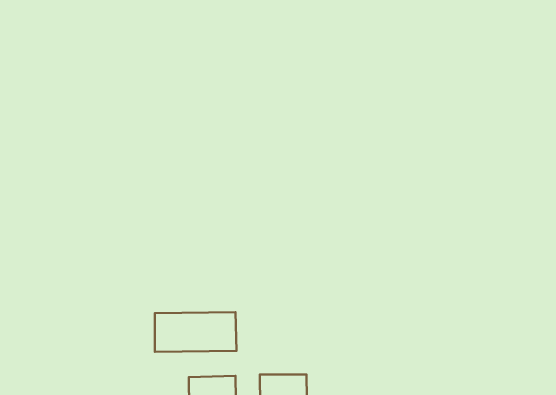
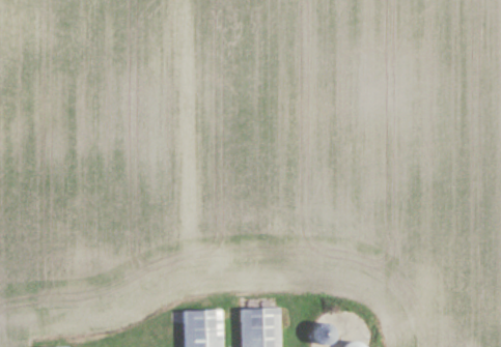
building: [155,312,236,352] -> none

